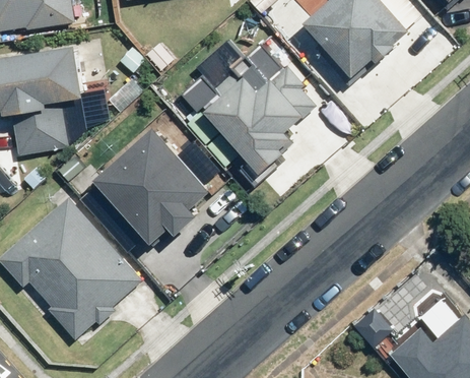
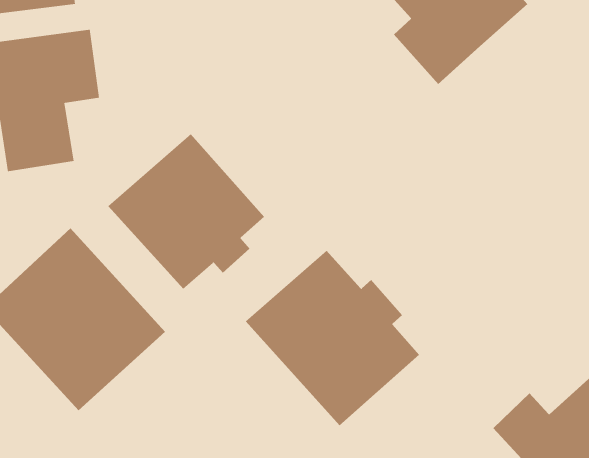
building: [197,63,318,171] -> none
building: none -> [245,250,420,426]

